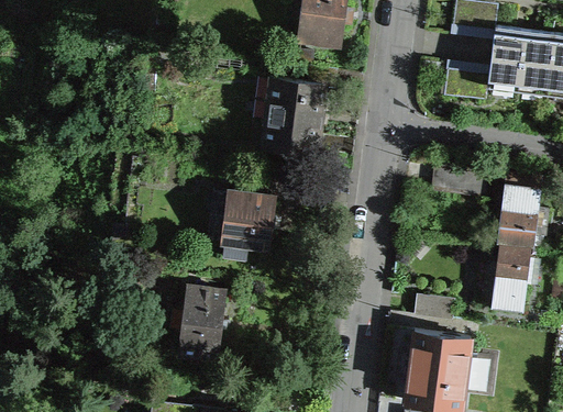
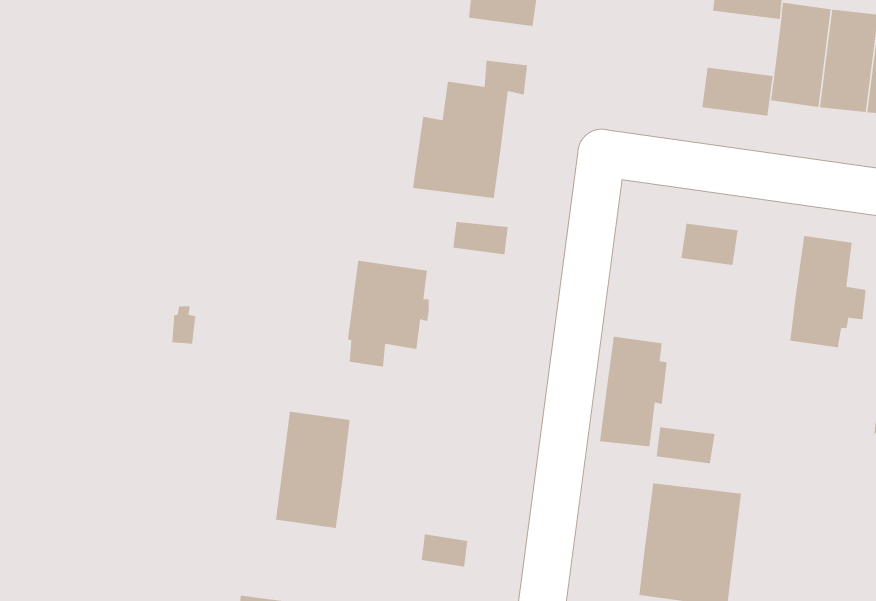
building: [492,243,534,312] -> [599,336,668,447]

